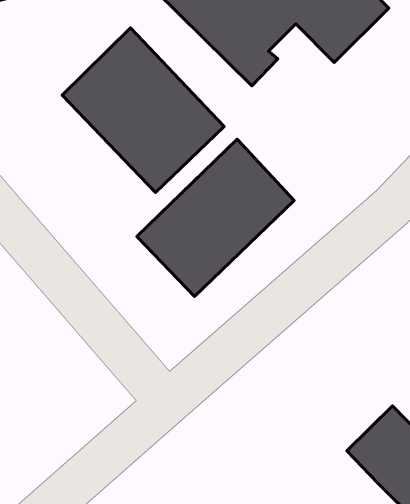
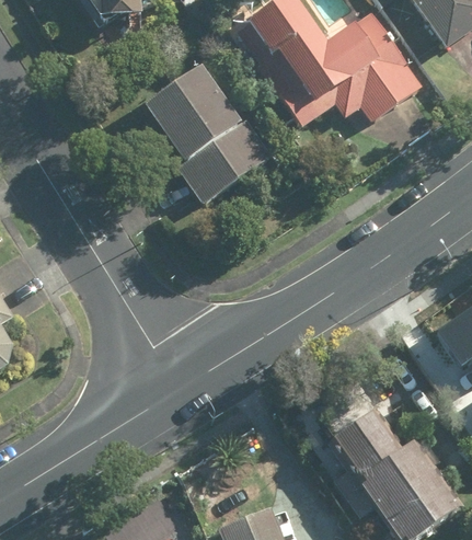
building: [137,139,294,297] -> none

